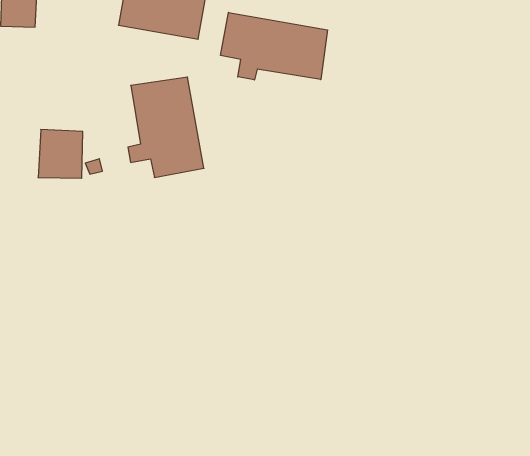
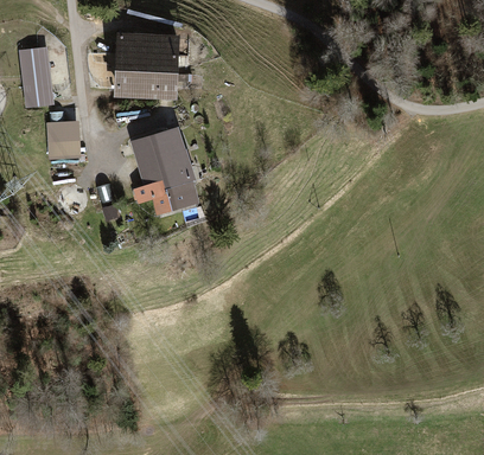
building: [221,12,327,80] -> none
building: [38,130,83,178] -> [46,120,83,160]

